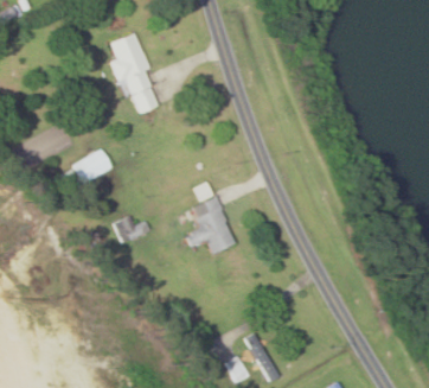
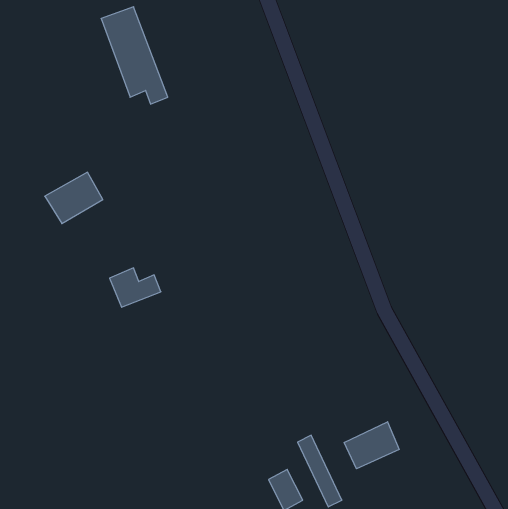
building: [185,183,233,254] -> none
building: none -> [344,422,399,469]

